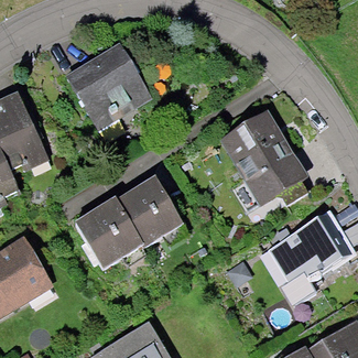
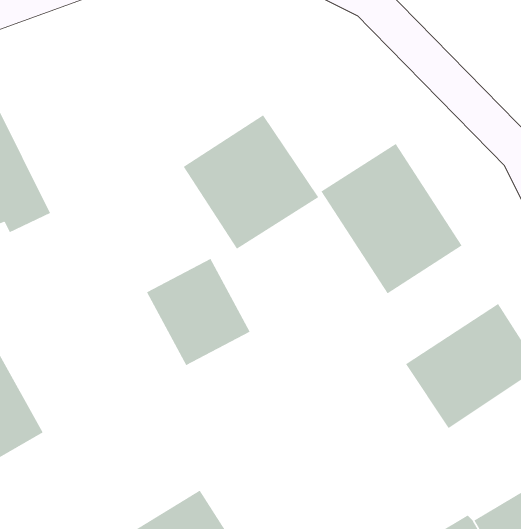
building: [67,48,151,131] -> [183,115,319,249]
building: [72,204,137,271] -> none

